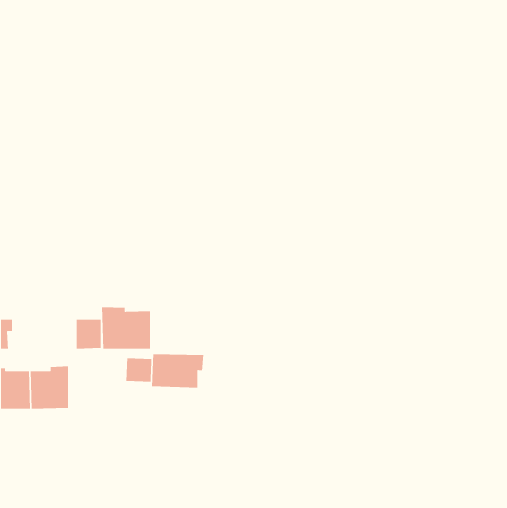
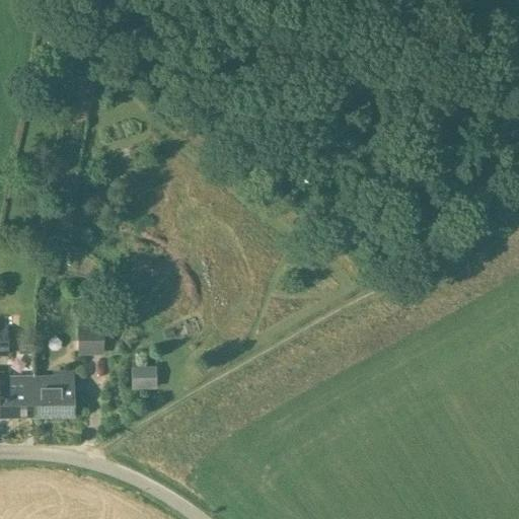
building: [101,306,151,349] -> none
building: [151,353,204,389] -> none

